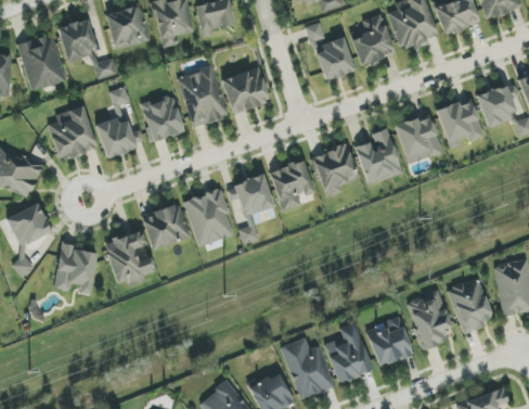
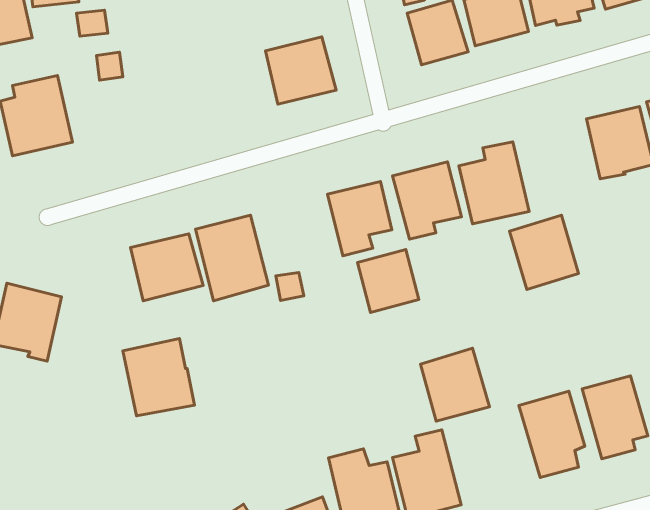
building: [176,64,229,127] -> none
building: [140,93,185,141] -> none
building: [395,113,442,164] -> [510,215,579,290]
building: [95,116,143,155] -> none
building: [232,172,274,216] -> [357,250,419,313]
building: [104,229,154,282] -> [123,339,194,416]
building: [365,316,413,366] -> [421,348,490,421]

